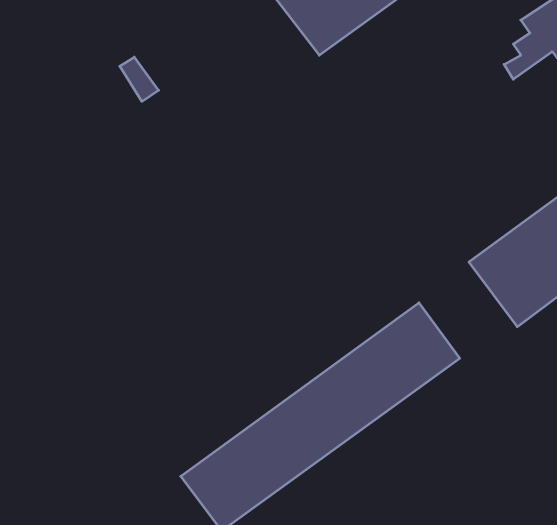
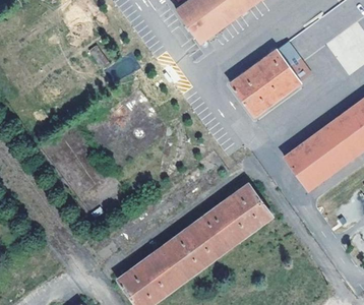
building: none -> [230,43,310,116]

